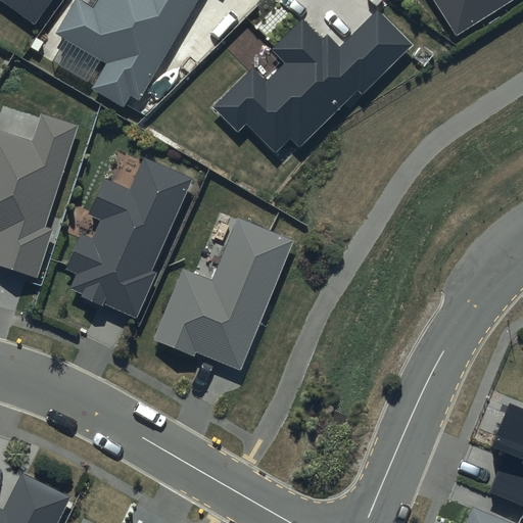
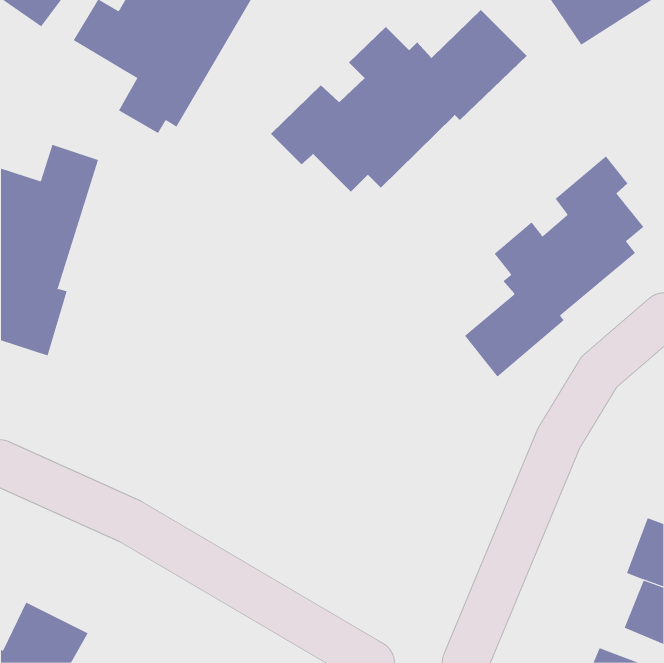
building: none -> [464,155,644,378]
building: [64,157,192,318] -> none
building: [154,218,293,370] -> none

